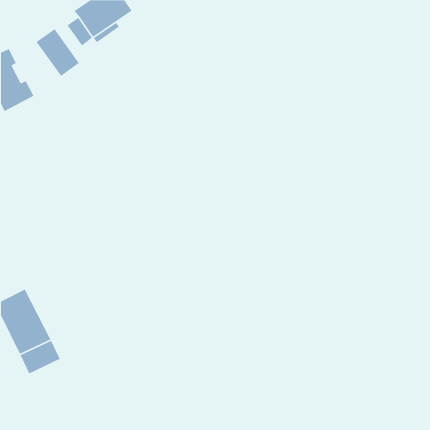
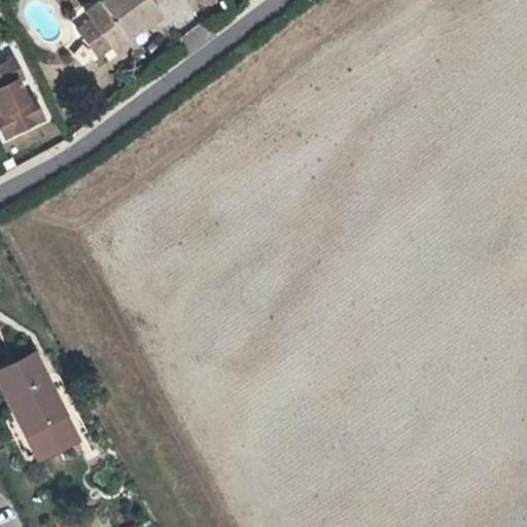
building: [36,28,80,77] -> none

